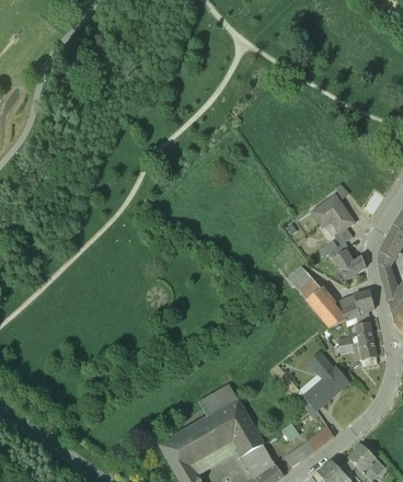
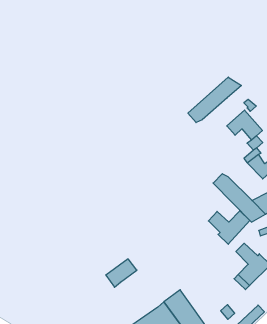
building: none -> [188,77,241,123]
building: none -> [208,211,250,244]
building: [200,386,238,417] -> [106,259,137,287]

